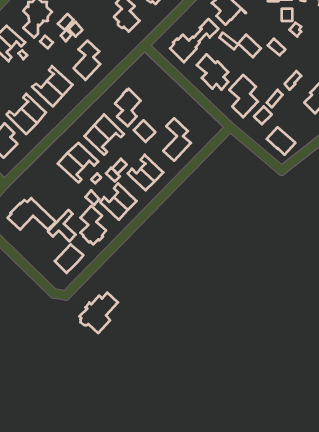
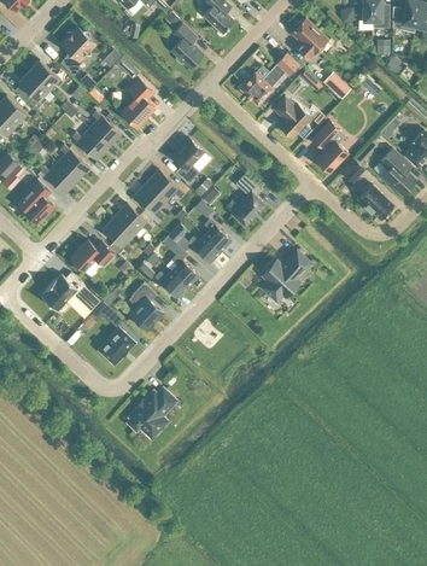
building: none -> [373,147,416,194]
building: none -> [70,239,115,270]
building: none -> [262,250,310,299]

